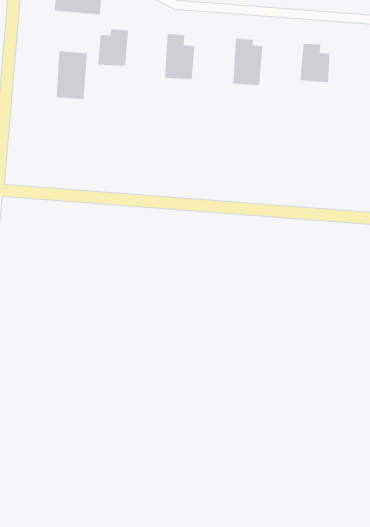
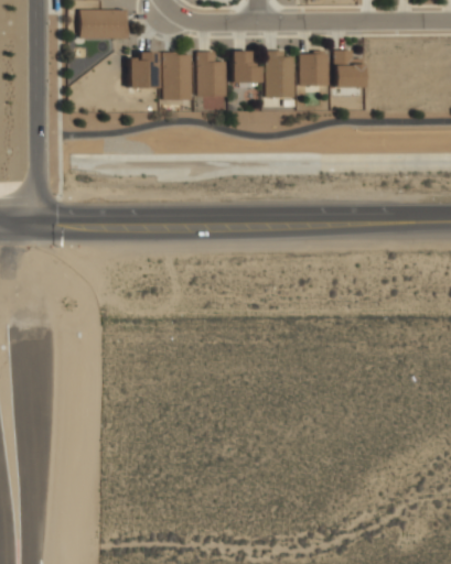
building: none -> [233,51,261,84]
building: none -> [301,52,329,86]
building: [56,51,88,100] -> [163,53,193,100]

